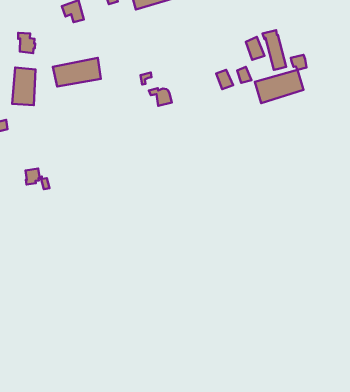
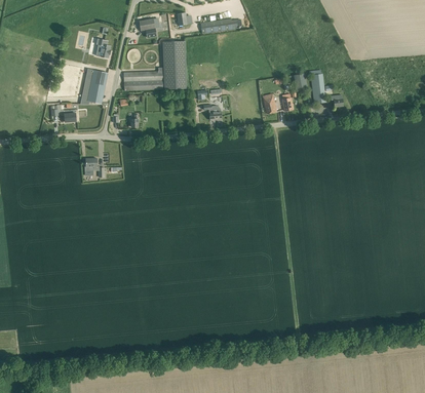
building: none -> [162,40,186,89]
building: [255,70,304,103] -> none

